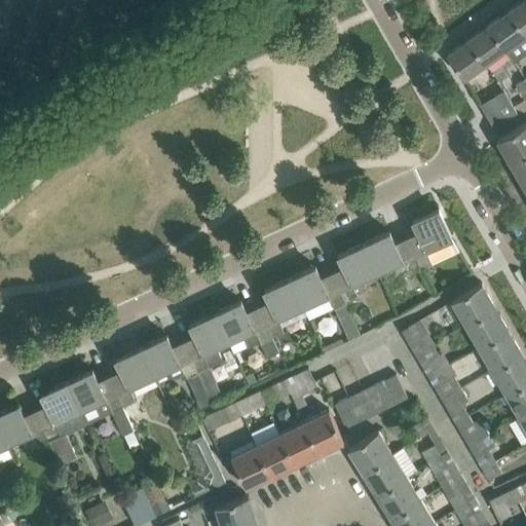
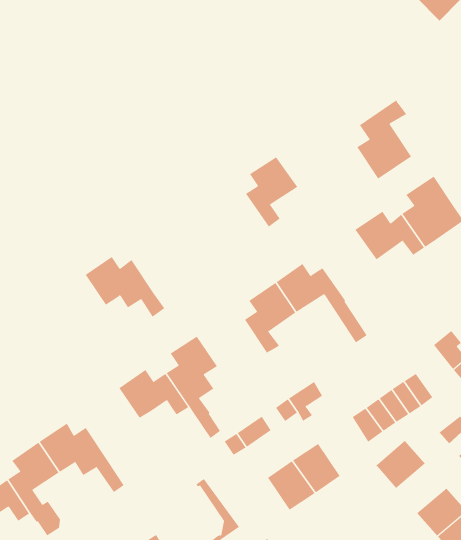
building: none -> [357,100,412,180]
building: [331,247,377,306] -> [245,156,298,228]
building: [215,303,278,361] -> [85,256,165,317]
building: [401,323,434,355] -> none
building: [108,349,154,410] -> none
building: [303,411,343,454] -> none
building: [230,446,269,490] -> none
building: [363,455,406,496] -> none

